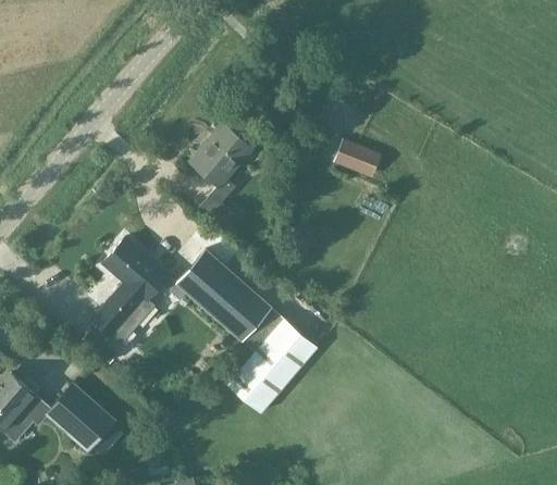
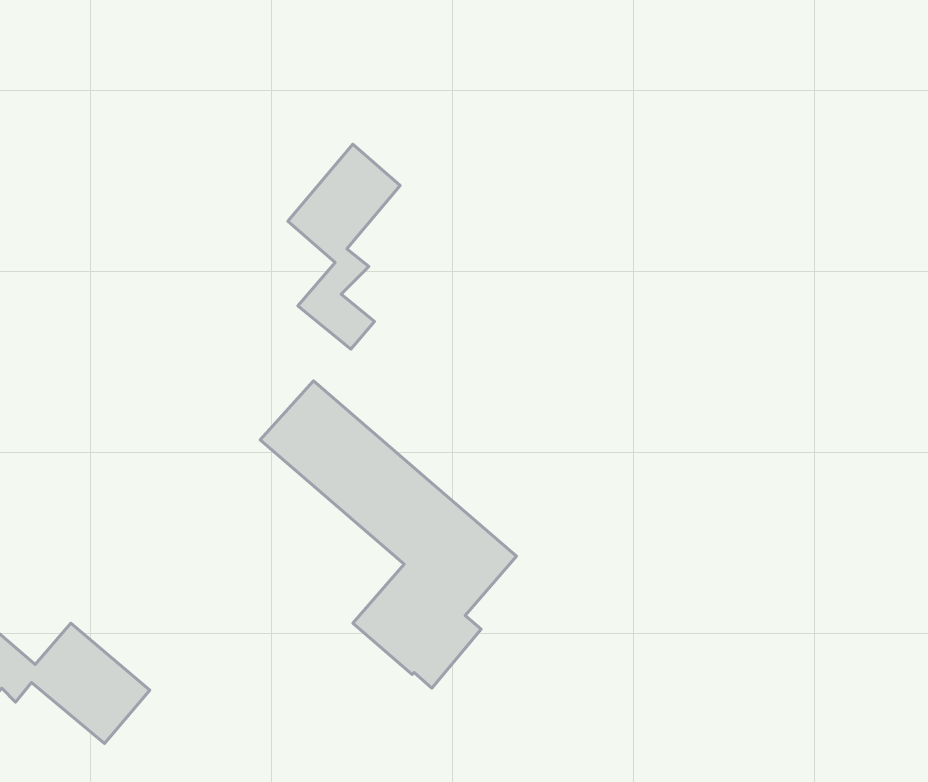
building: [332,139,381,178] -> none
building: [91,239,168,335] -> none

